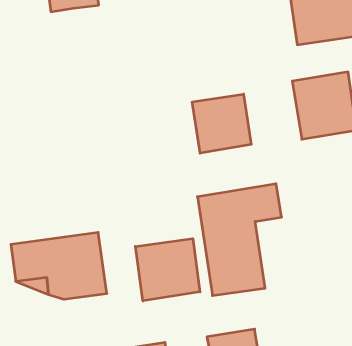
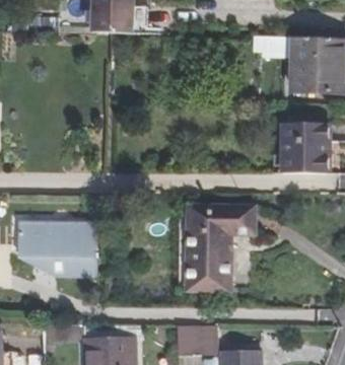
building: [192,94,251,153] -> none
building: [135,239,200,301] -> none

